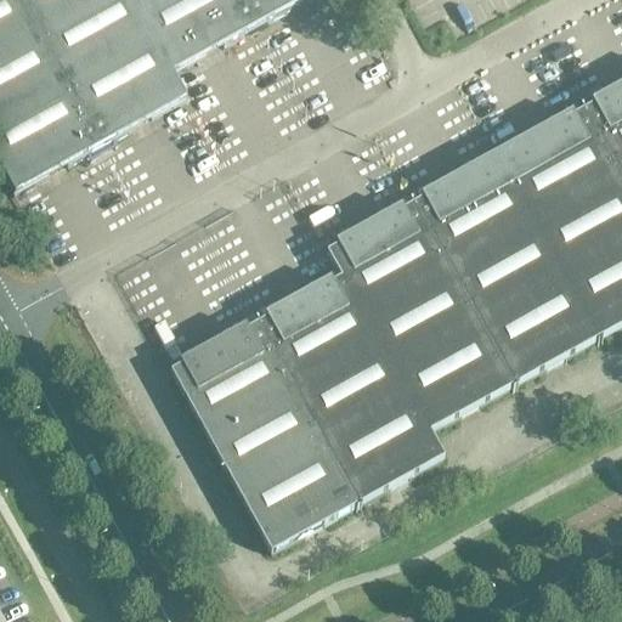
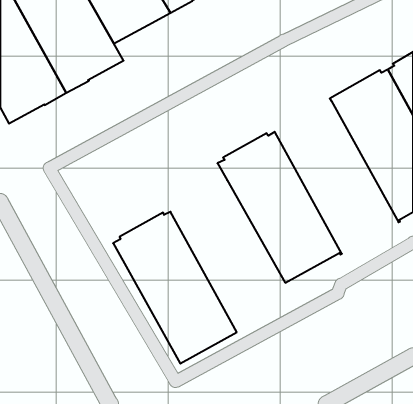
building: [413,148,599,381] -> none
building: [256,271,442,499] -> none

